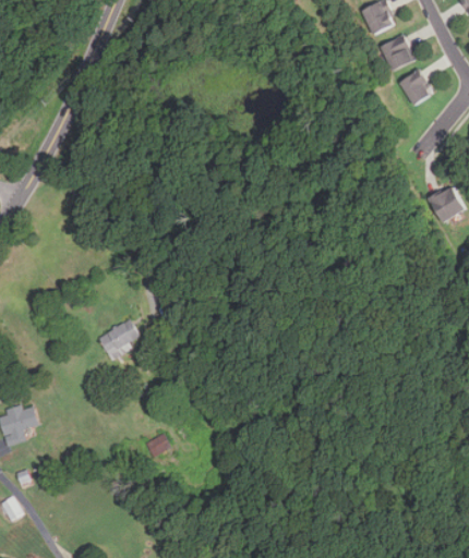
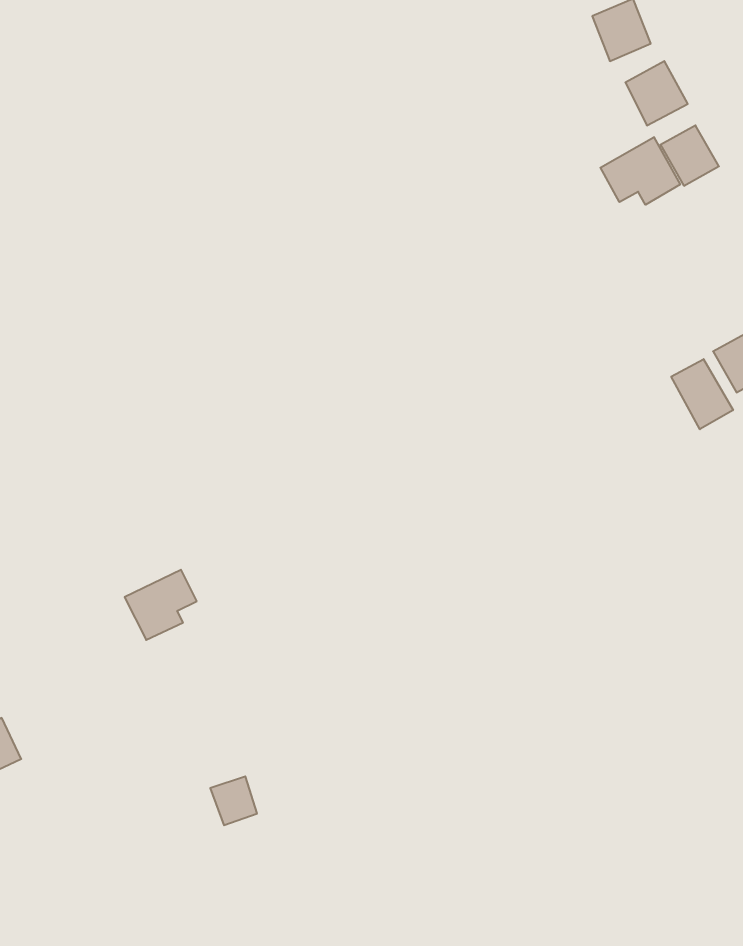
building: none -> [600,137,680,205]
building: none -> [671,359,733,429]

